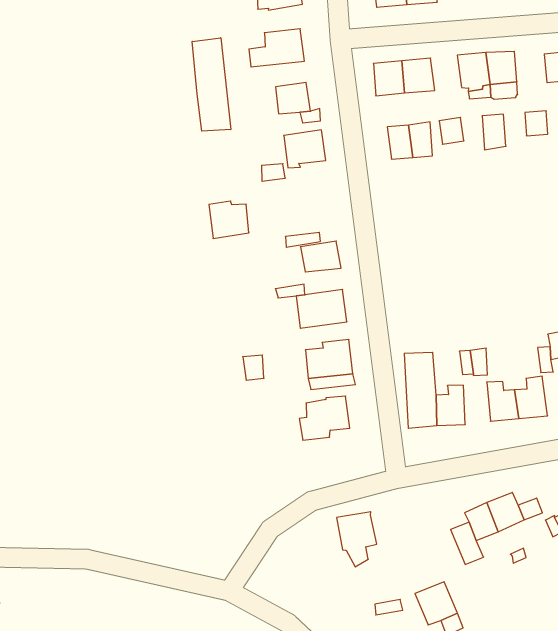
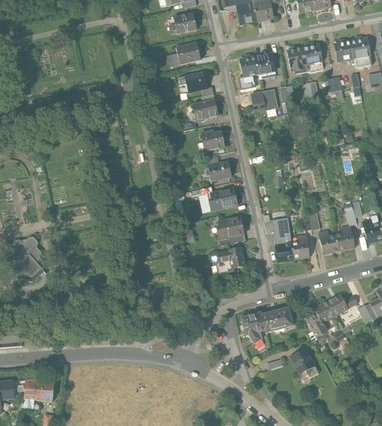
building: [192,38,231,131] -> none
building: [209,201,249,238] -> [201,128,225,150]
building: none -> [261,305,294,331]

